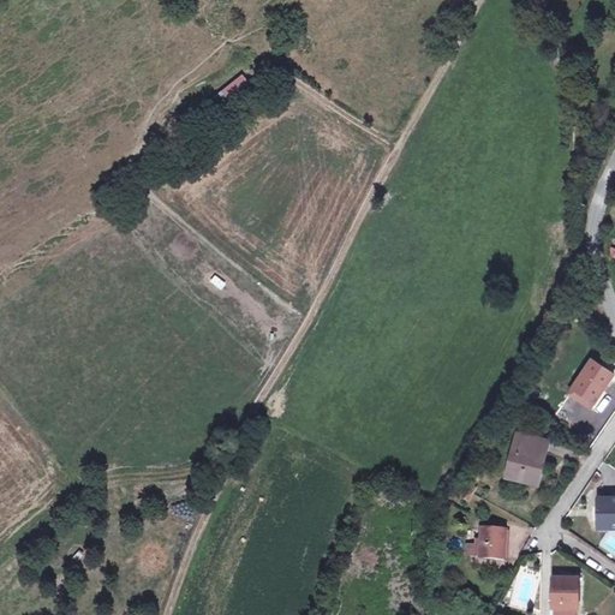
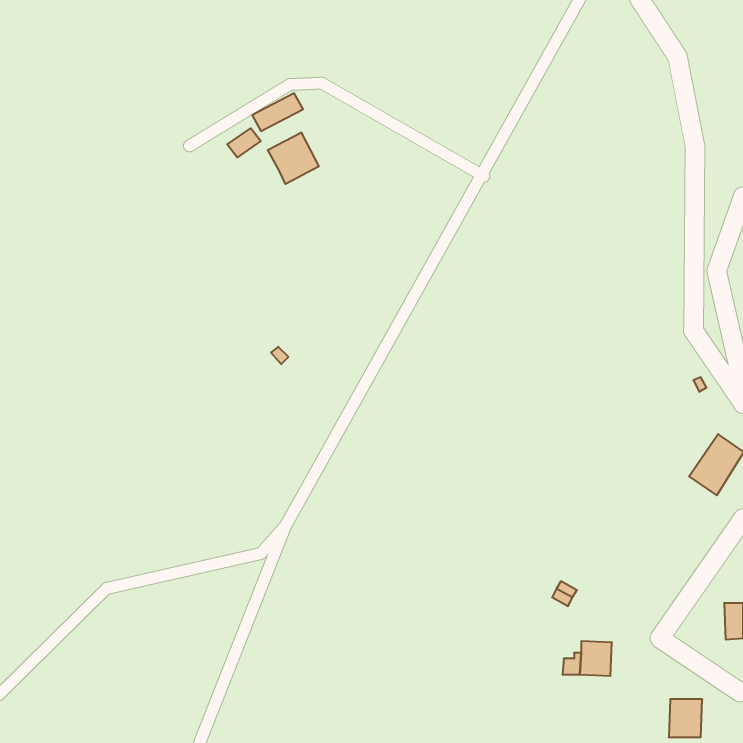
building: none -> [268,132,319,184]
building: [507,432,548,483] -> none

